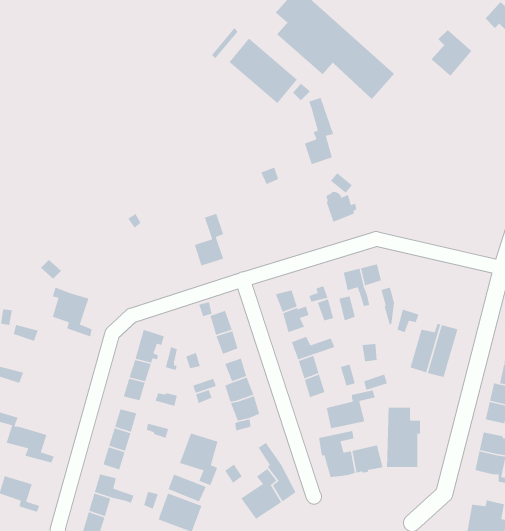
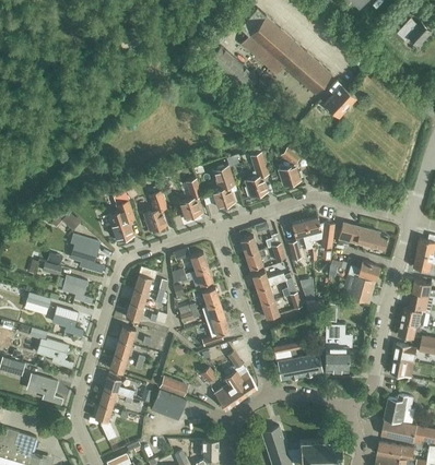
building: [430,29,472,77] -> [324,82,355,118]
building: [304,97,334,165] -> [245,146,268,198]
building: none -> [211,166,236,208]
building: none -> [109,190,133,242]
building: none -> [139,191,166,231]
building: none -> [339,223,386,250]
building: none -> [61,275,93,305]
building: none -> [51,307,83,336]
building: [326,389,376,429] -> none
building: [179,433,219,486] -> none

